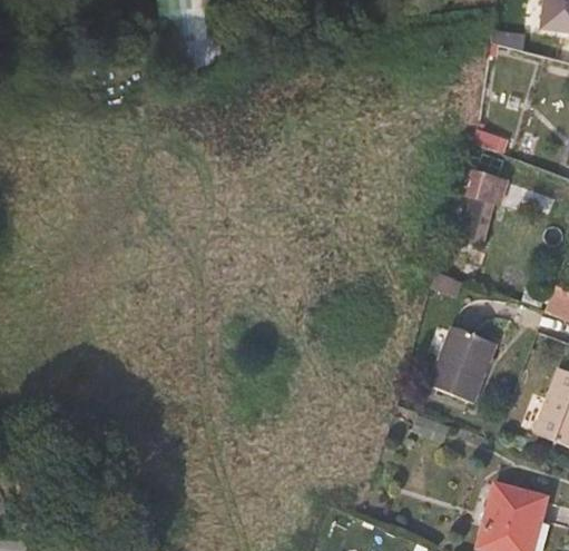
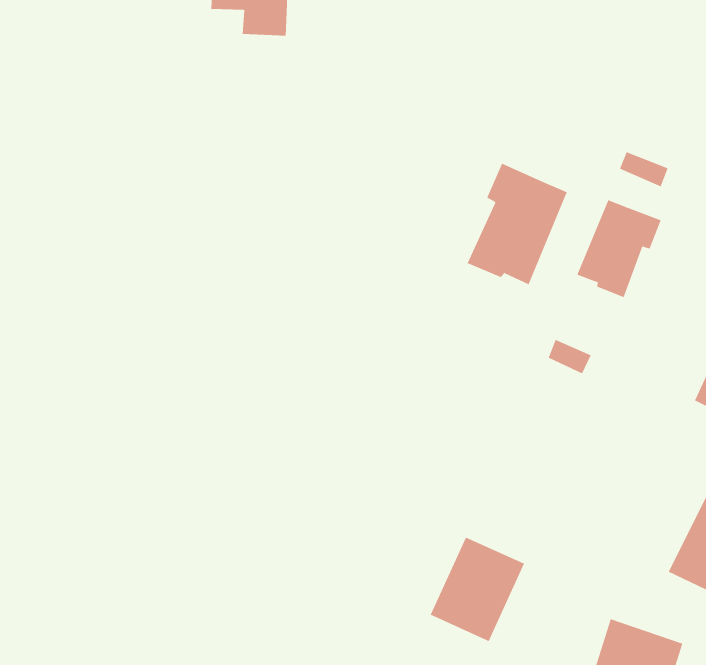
building: none -> [467,163,567,285]
building: [429,328,497,405] -> [430,537,525,642]

